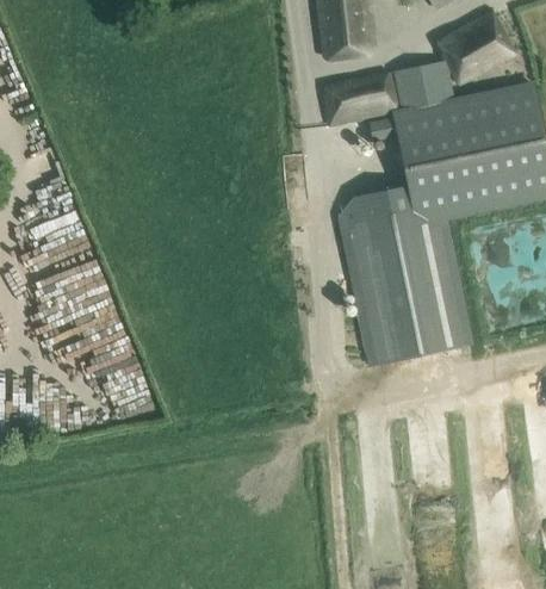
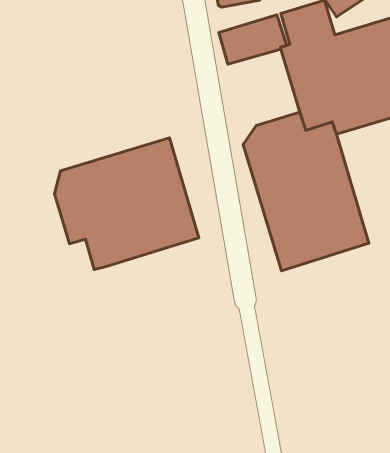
building: none -> [54,138,199,270]

